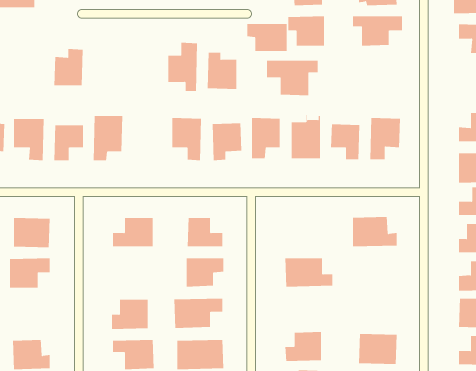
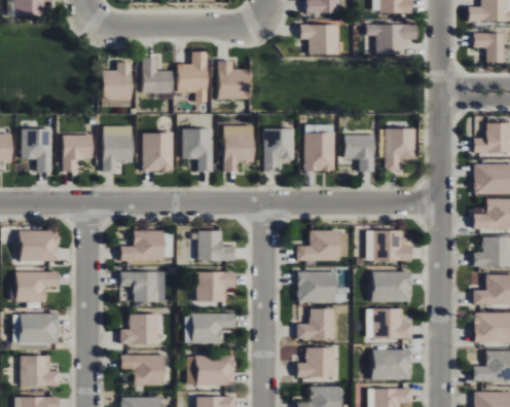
building: [247,23,287,52] -> none
building: none -> [142,58,173,94]
building: [53,48,84,86] -> [102,62,133,100]
building: [267,60,318,96] -> none
building: none -> [142,133,174,172]
building: none -> [296,231,348,260]
building: none -> [120,271,166,302]
building: none -> [373,271,411,301]
building: none -> [296,308,334,338]
building: none -> [366,308,412,338]
building: none -> [12,313,59,343]

